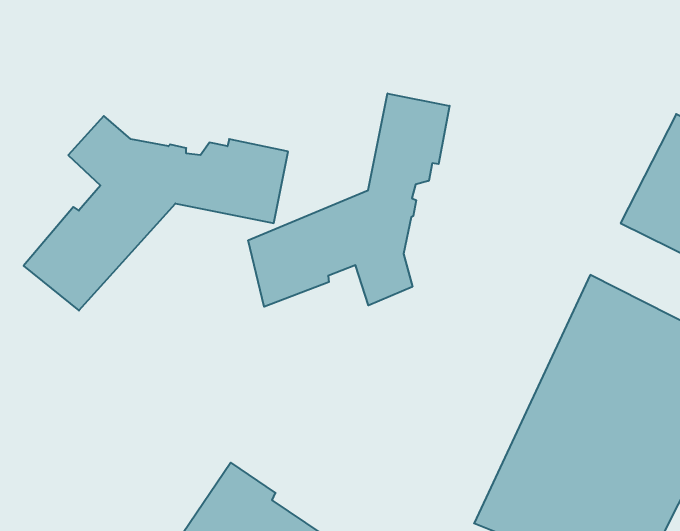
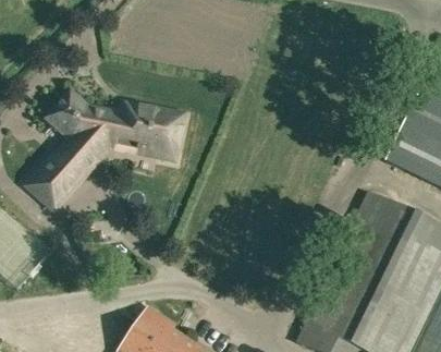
building: [248,93,450,307] -> none

